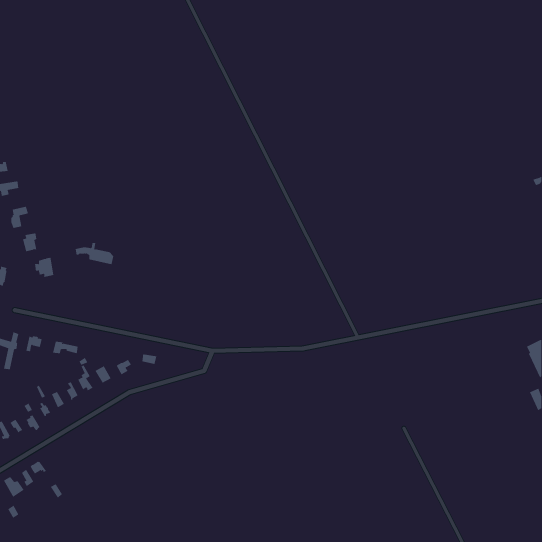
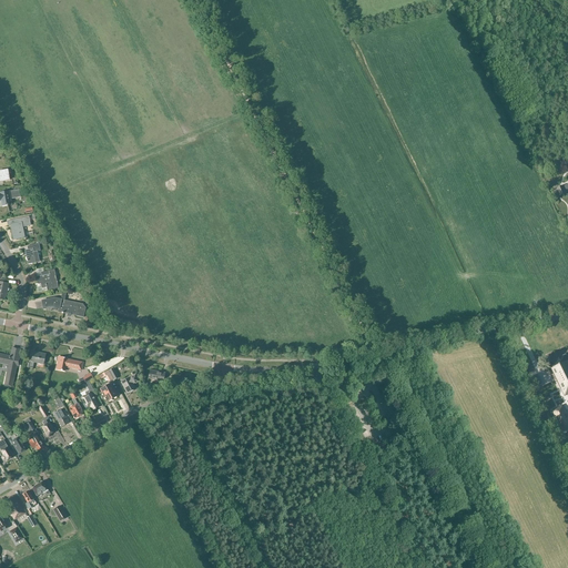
building: [75,242,114,265] -> [43,293,84,316]

